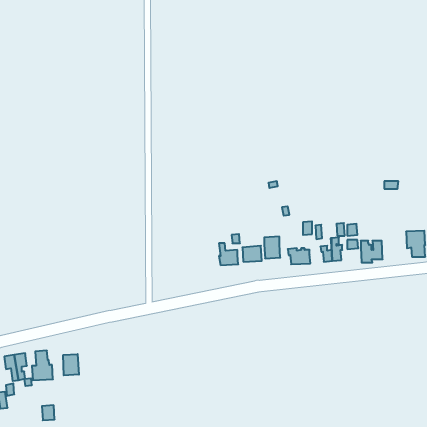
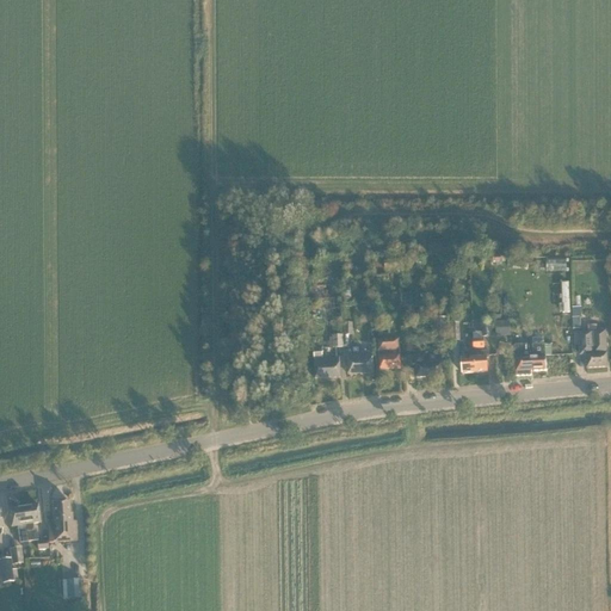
building: [63,354,79,375] -> none

